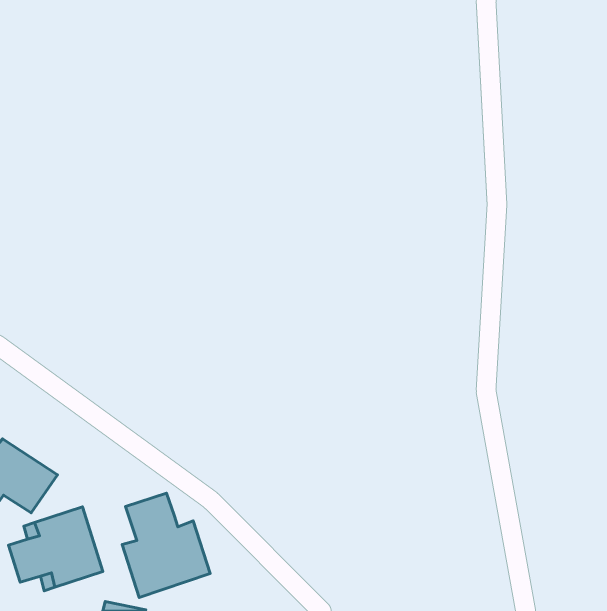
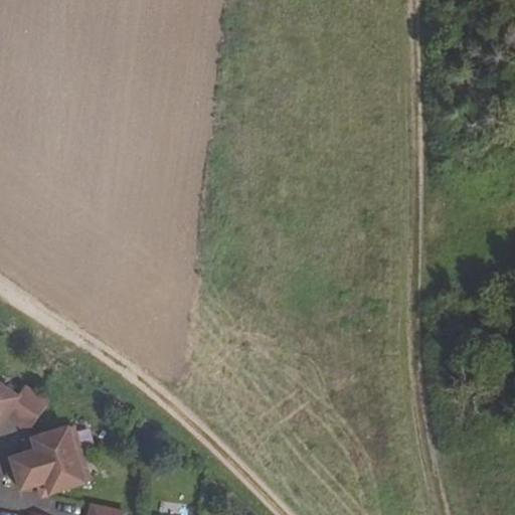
building: [122,493,210,597] -> none

